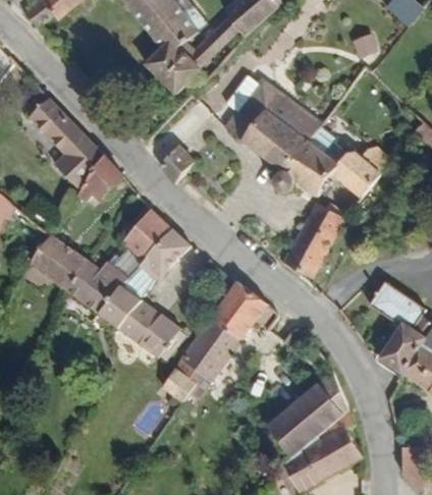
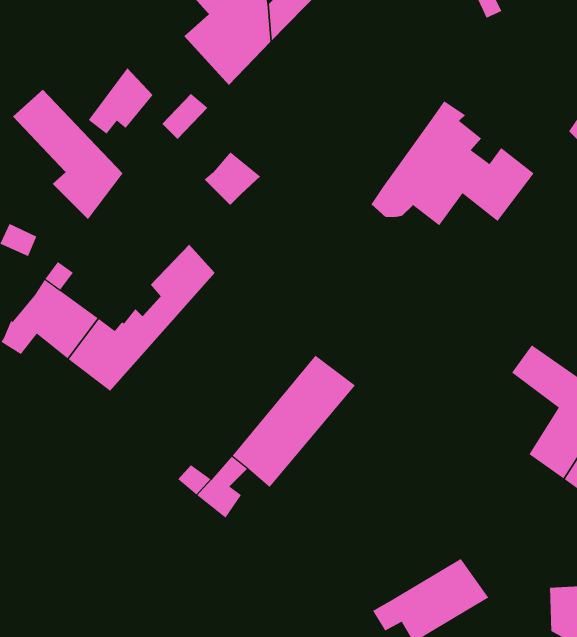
building: [222,69,318,167] -> none
building: [76,158,122,205] -> [88,67,154,135]
building: [285,200,348,278] -> none
building: [95,227,187,356] -> none
building: [268,371,353,454] -> none

